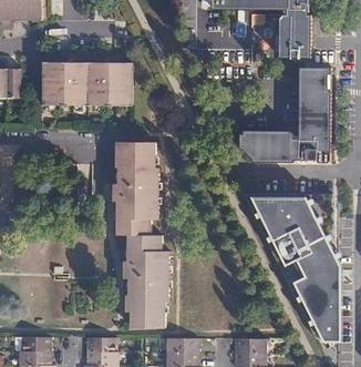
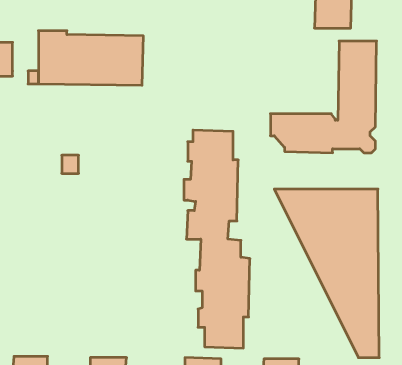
building: [112,142,168,328] -> [184,130,250,348]

